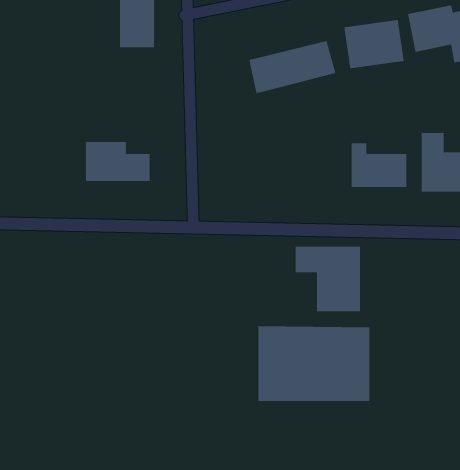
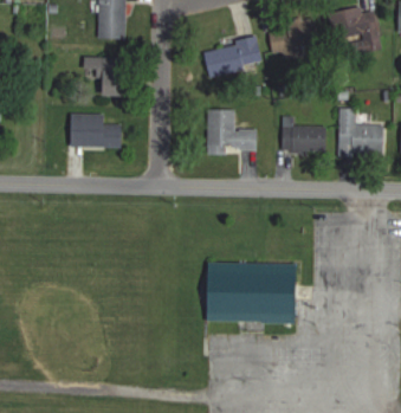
building: none -> [83,57,128,96]
building: none -> [207,109,256,150]
building: [295,246,361,312] -> none

